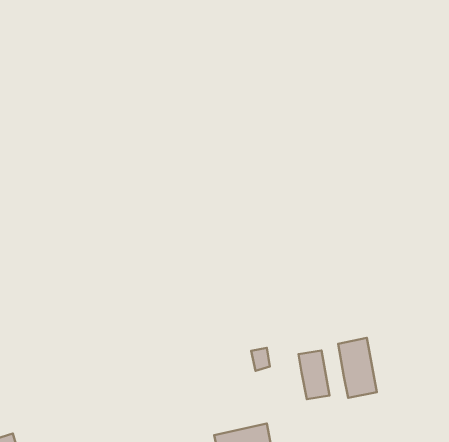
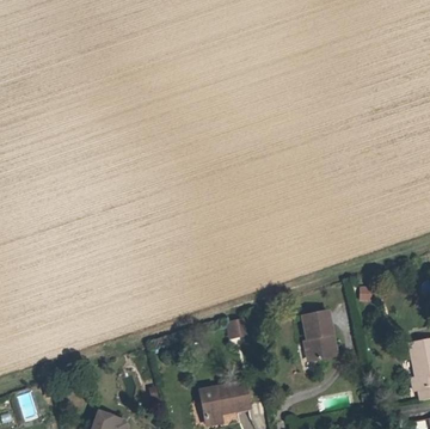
building: [299,350,330,399] -> none

